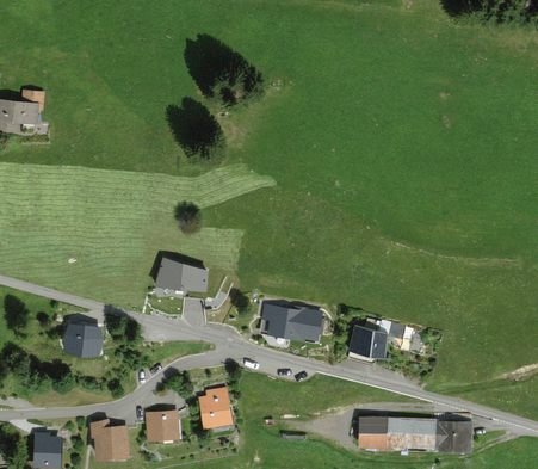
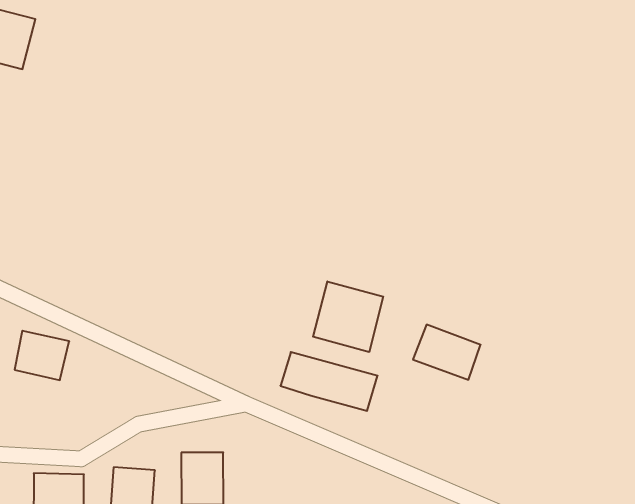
building: none -> [313,281,383,352]
building: [151,260,200,290] -> none
building: [348,321,395,356] -> [413,325,481,380]

